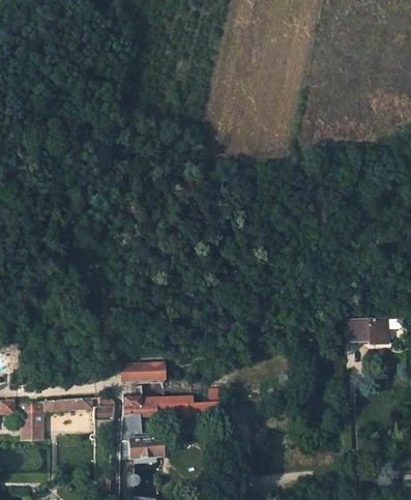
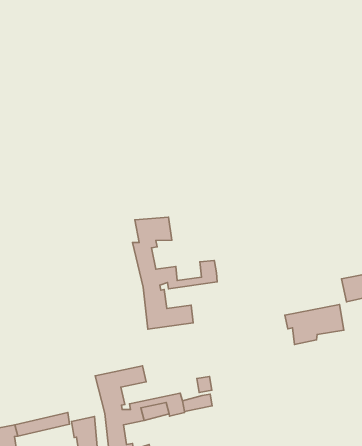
building: none -> [132,217,217,329]
building: none -> [285,305,344,345]

